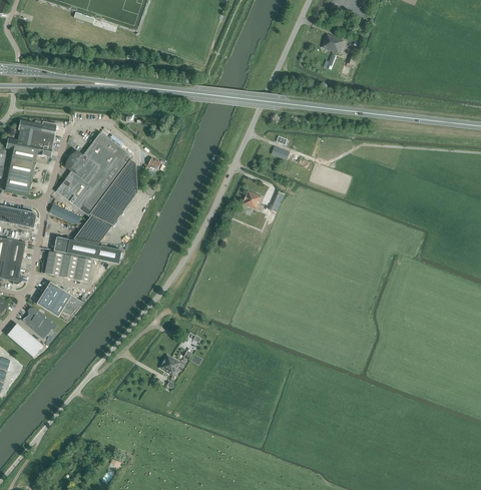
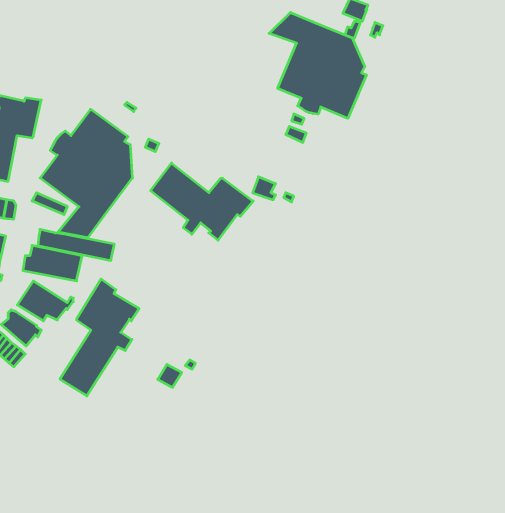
building: none -> [269,12,366,118]
building: none -> [151,163,253,240]
building: none -> [60,279,139,396]

